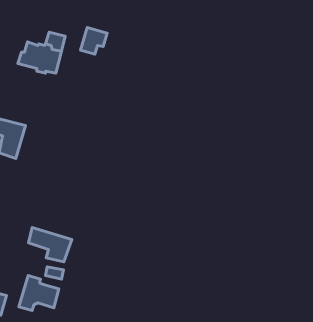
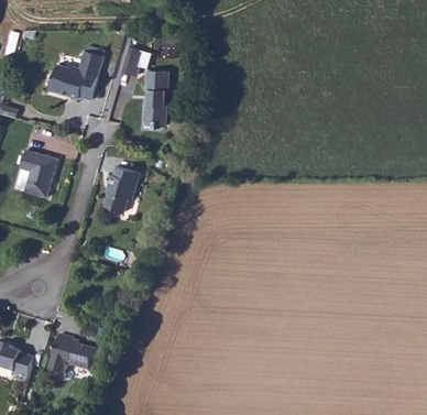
building: none -> [141,69,165,127]
building: none -> [102,165,136,209]
building: [29,228,72,262] -> none

